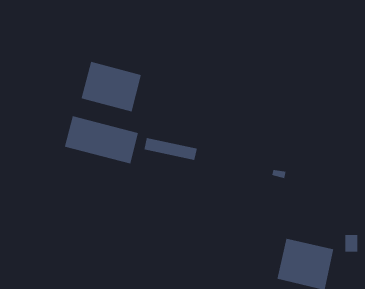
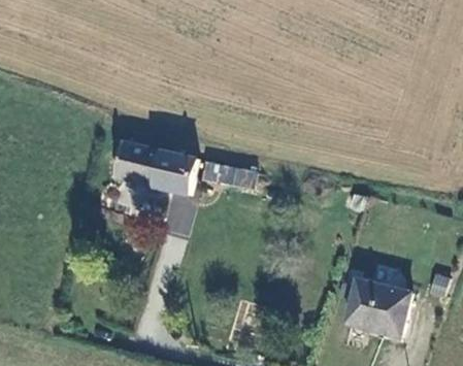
building: [80,61,142,112] -> none

